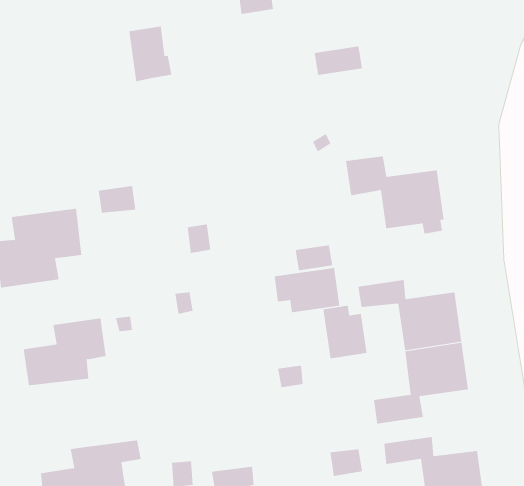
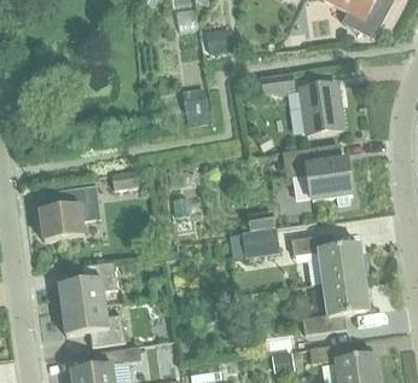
building: [129,26,172,82] -> [182,87,213,126]
building: none -> [301,82,343,133]
building: [323,305,367,359] -> none
building: none -> [63,303,124,346]

